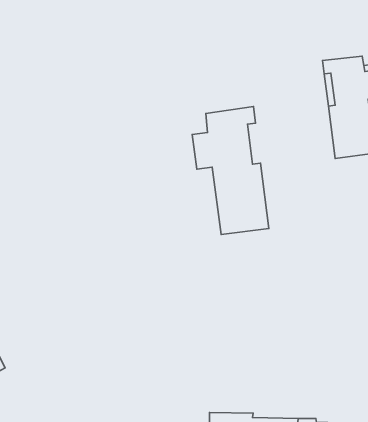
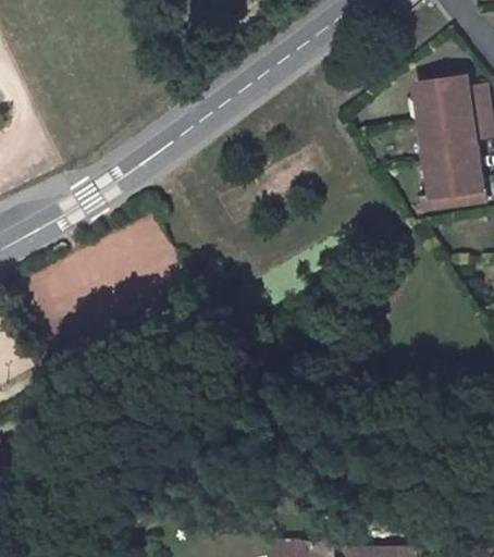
building: [192,106,269,235] -> none

